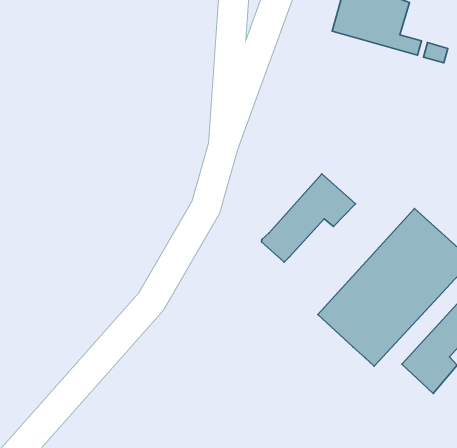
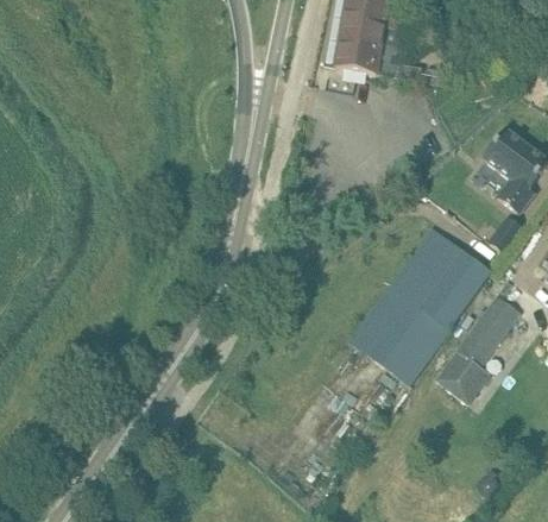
building: [262,174,356,262] -> none

